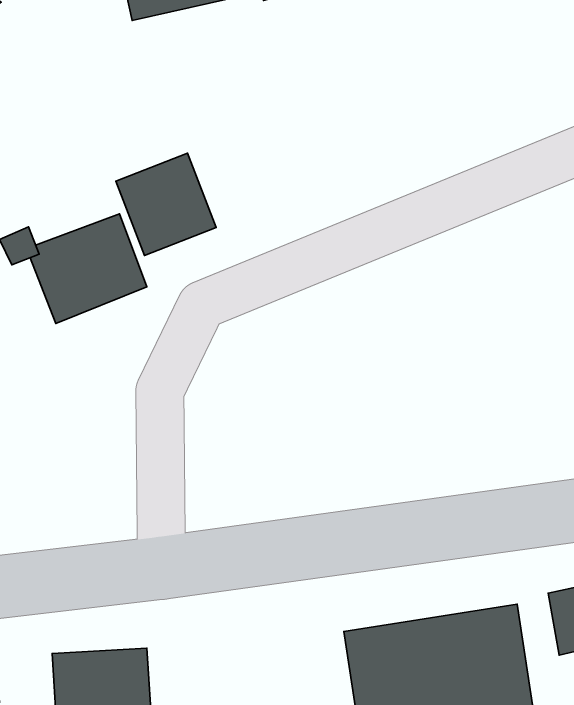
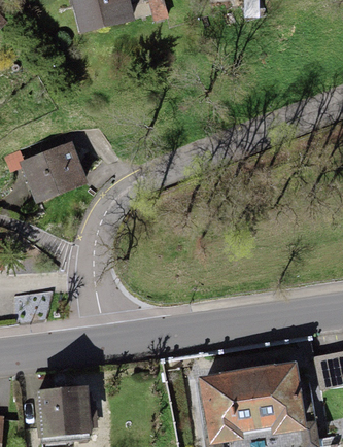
building: [116,153,216,256] -> none

